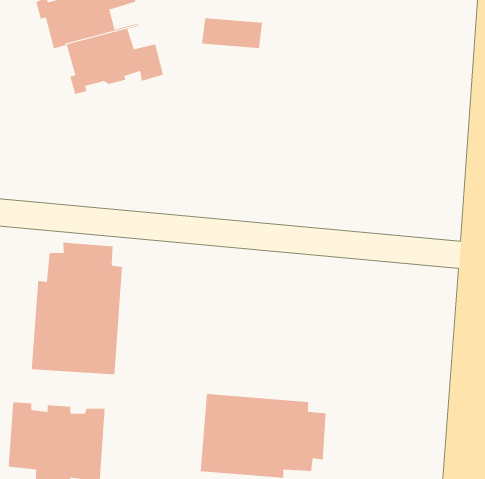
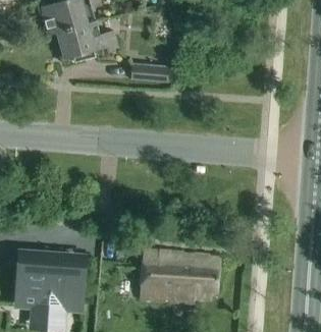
building: [201,18,263,49] -> [129,63,168,82]
building: [31,242,123,375] -> none

